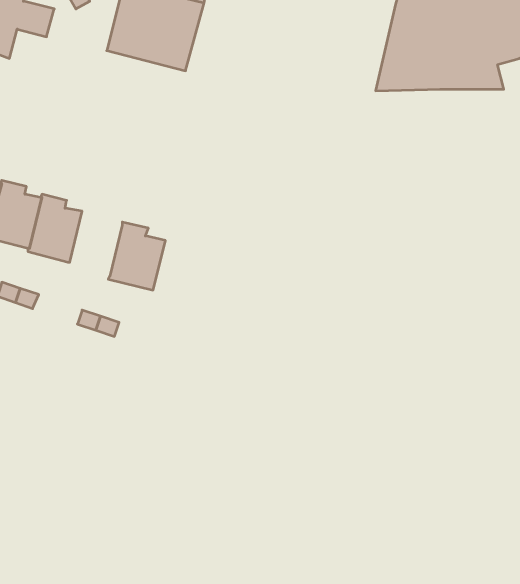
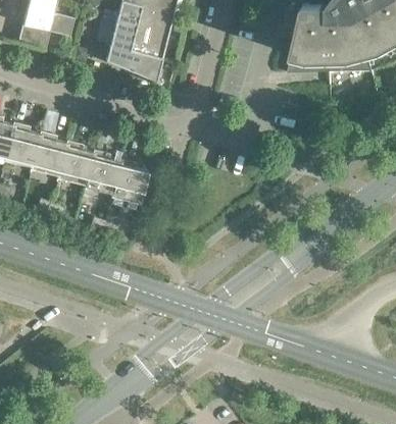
building: none -> [106,45,162,81]
building: none -> [85,149,120,194]

